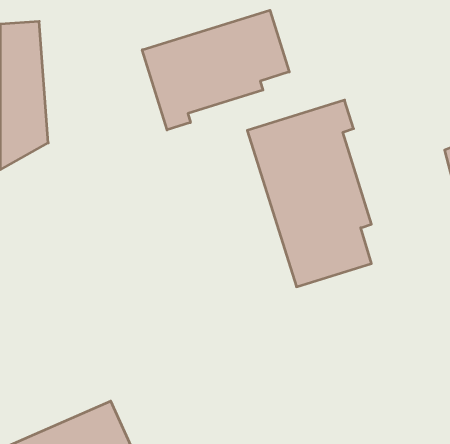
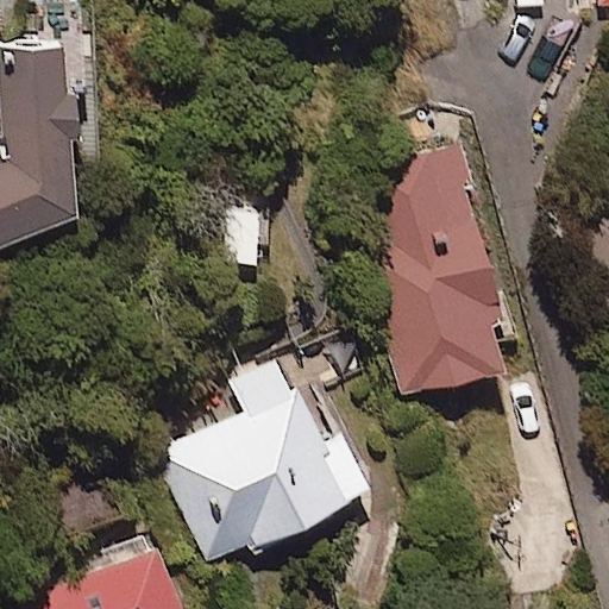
building: [142,10,289,130] -> none
building: none -> [162,370,370,571]

